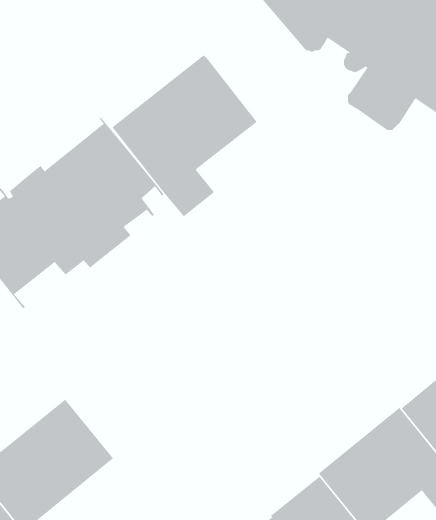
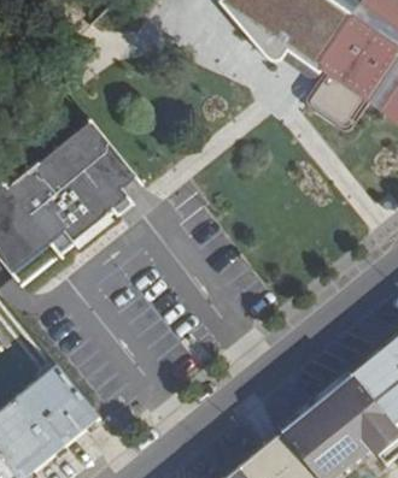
building: [112,54,258,217] -> none

